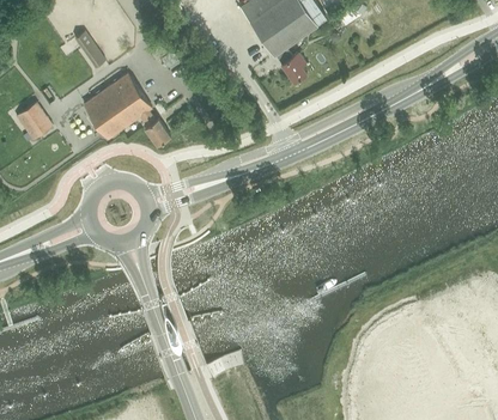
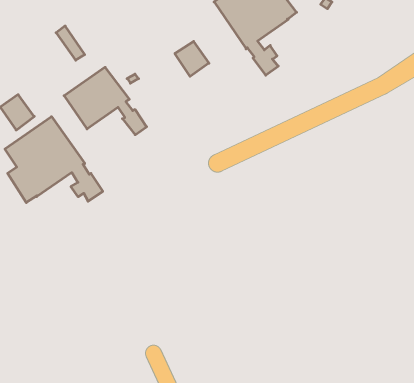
building: none -> [175,41,209,76]
building: none -> [5,117,103,203]

